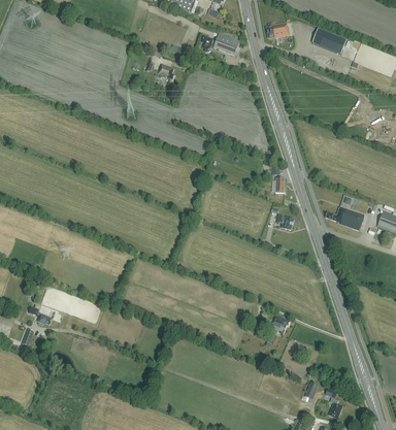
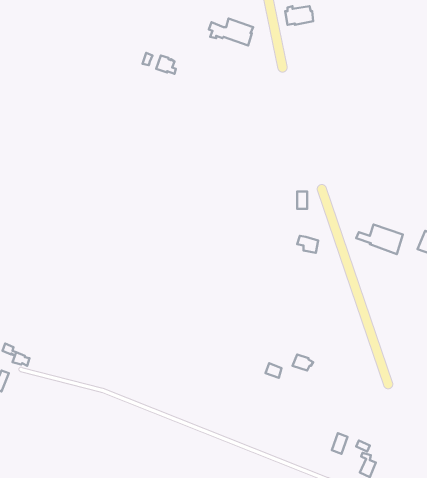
building: [312,28,346,54] -> none

